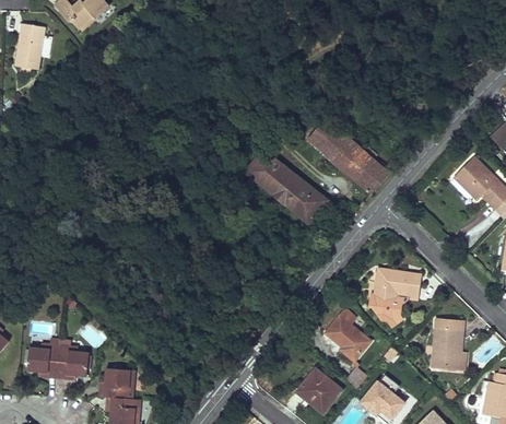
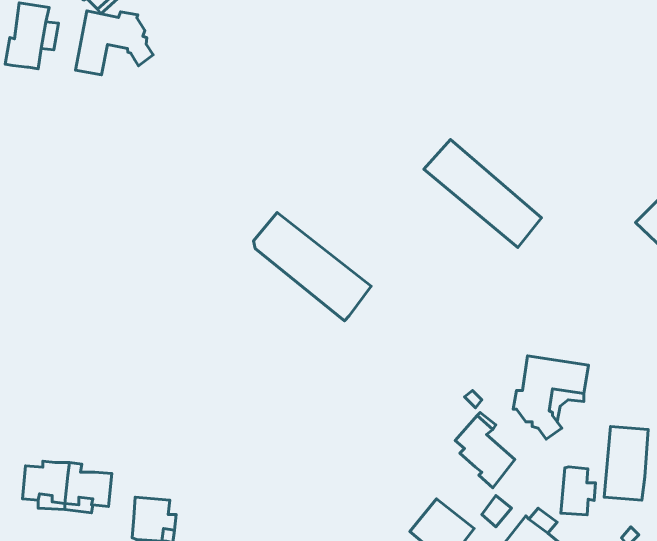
building: none -> [75,11,153,75]
building: [245,149,327,224] -> [254,212,371,321]
building: none -> [561,467,595,515]

